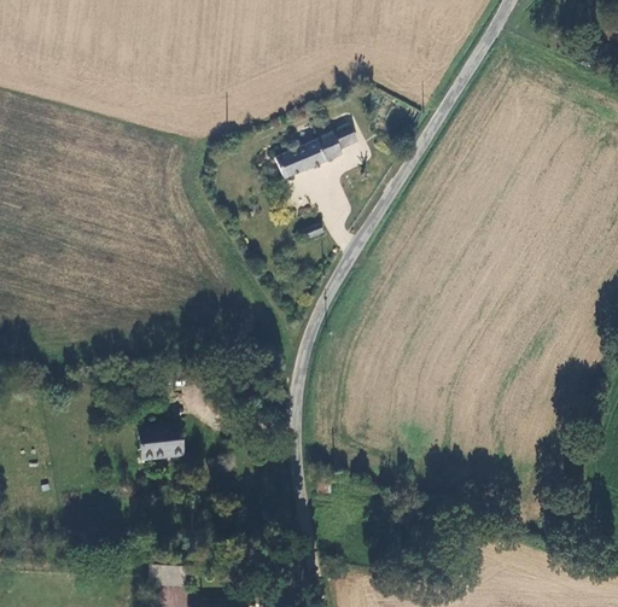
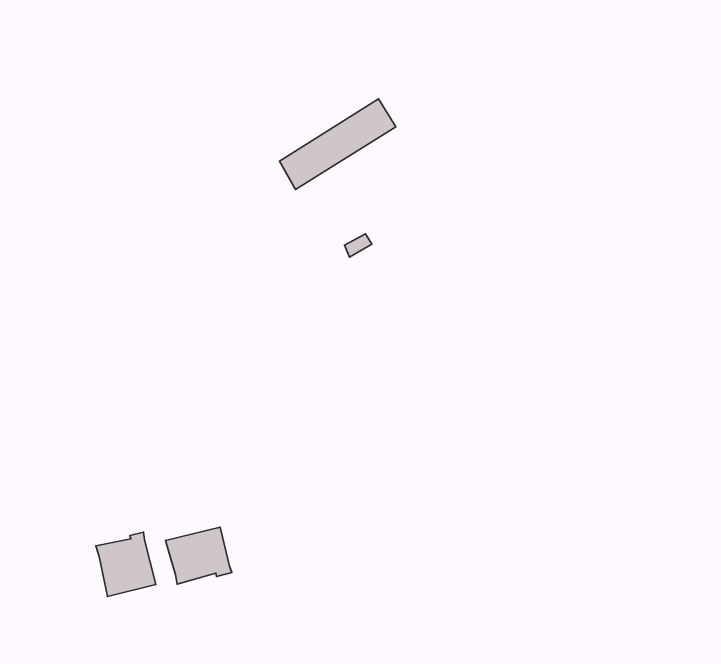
building: none -> [96,532,156,597]

